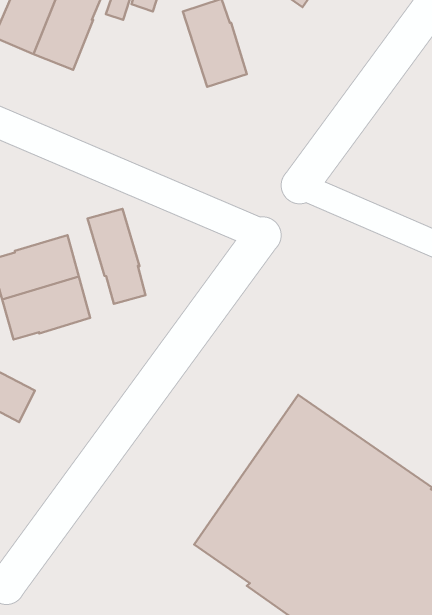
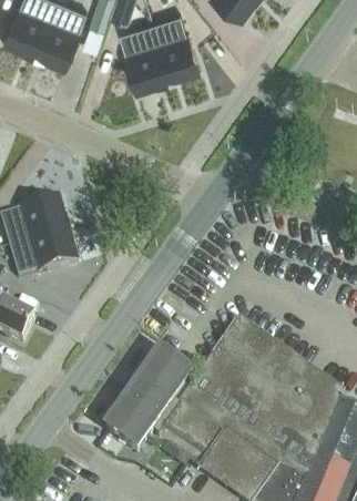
building: none -> [120,19,169,88]
building: [88,209,146,304] -> none
building: none -> [106,349,192,448]

